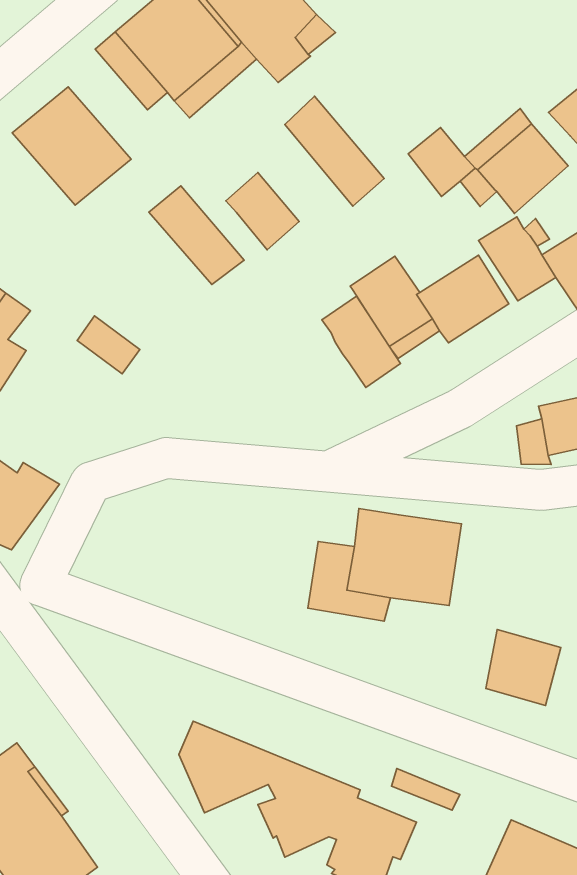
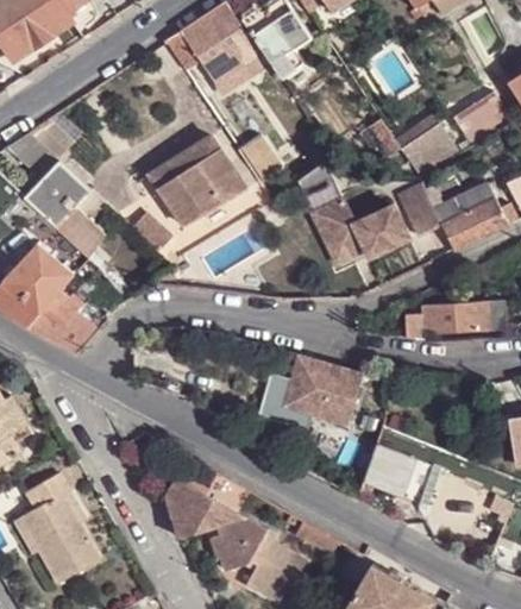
building: [12,87,131,205] -> [147,150,221,226]
building: [285,96,384,206] -> none
building: [322,296,400,388] -> none

